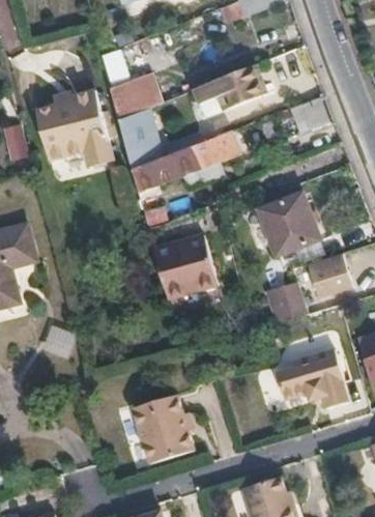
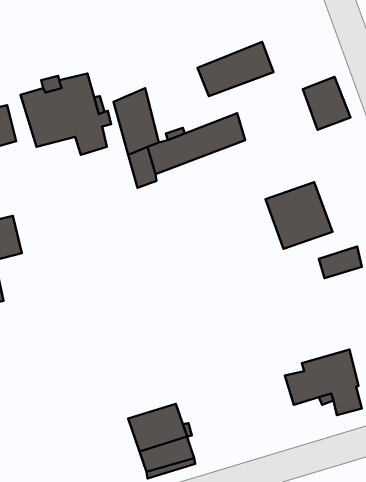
building: [100,48,161,119] -> none
building: [153,234,218,299] -> none
building: [268,284,307,322] -> none

